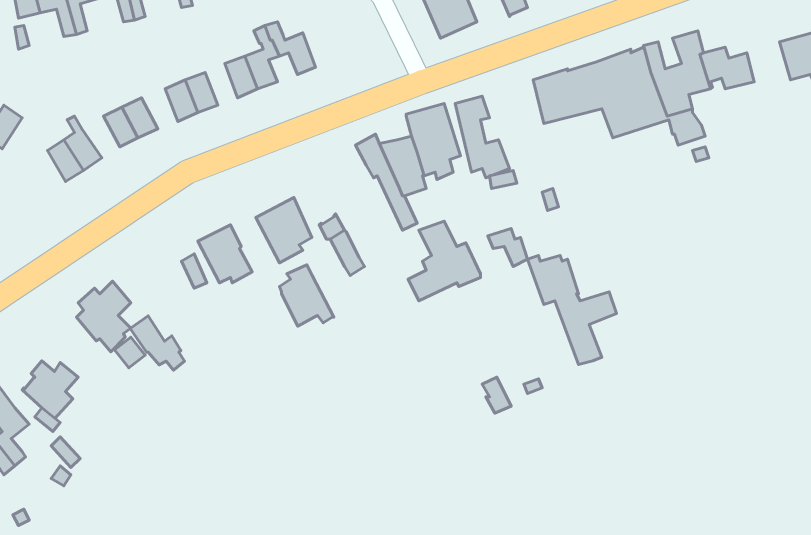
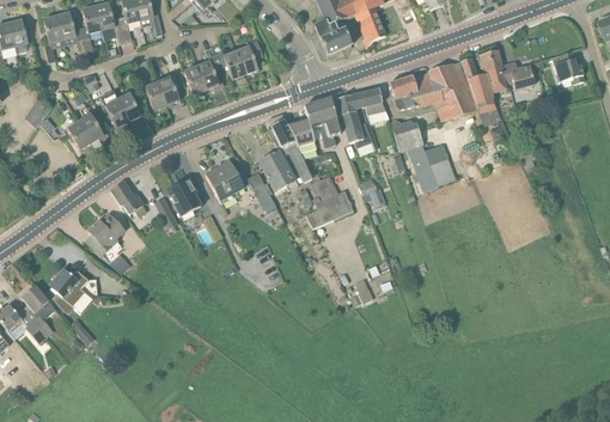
building: none -> [237,39,264,74]
building: none -> [355,87,386,115]
building: [528,256,616,364] -> [390,120,449,191]
building: [280,265,334,326] -> [261,151,297,191]
building: [130,316,184,370] -> [111,181,147,216]

